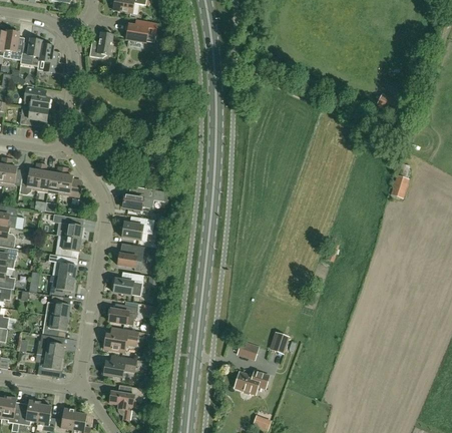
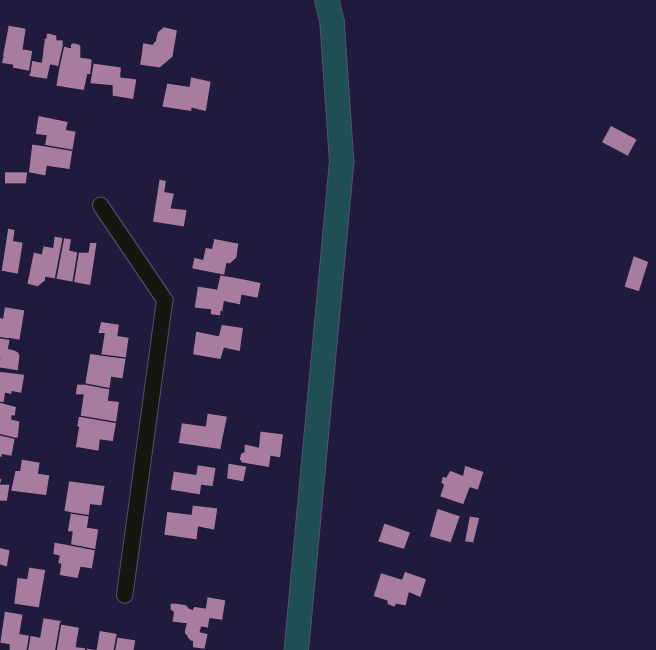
building: [126,20,157,42] -> [162,76,211,112]
building: none -> [89,63,137,100]
building: none -> [191,238,239,275]
building: [59,166,81,196] -> [152,179,188,227]
building: [116,245,144,268] -> [239,431,284,468]
building: [45,295,70,318] -> [10,459,50,496]
building: none -> [439,465,484,505]
building: [101,357,133,378] -> none
building: none -> [14,567,46,608]

